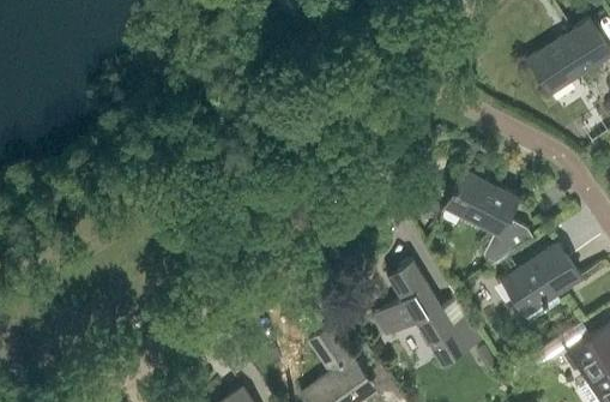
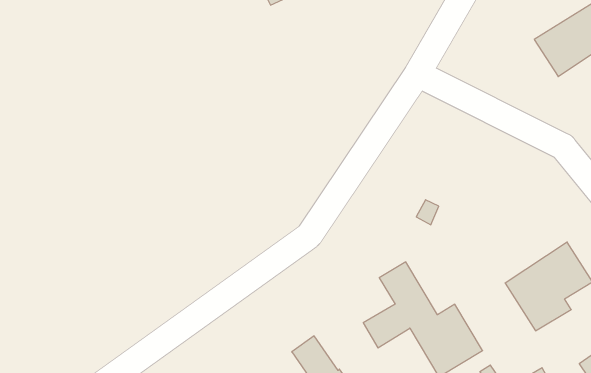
building: [445,170,532,264] -> none

